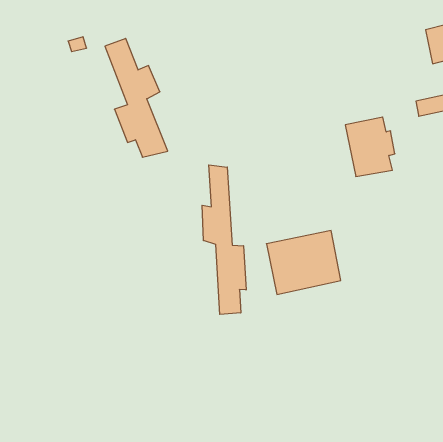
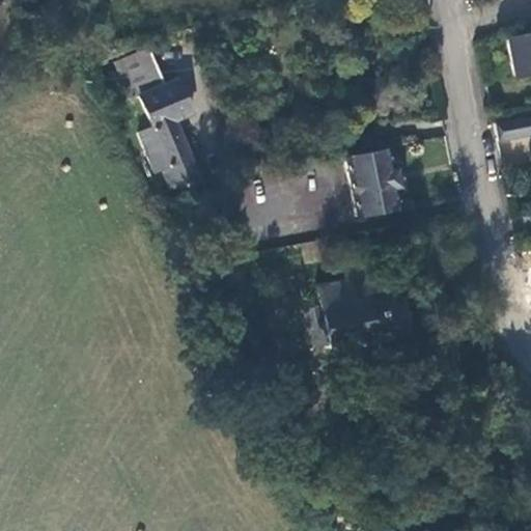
building: [345,117,395,176] -> [345,147,404,218]
building: [202,165,246,314] -> none

